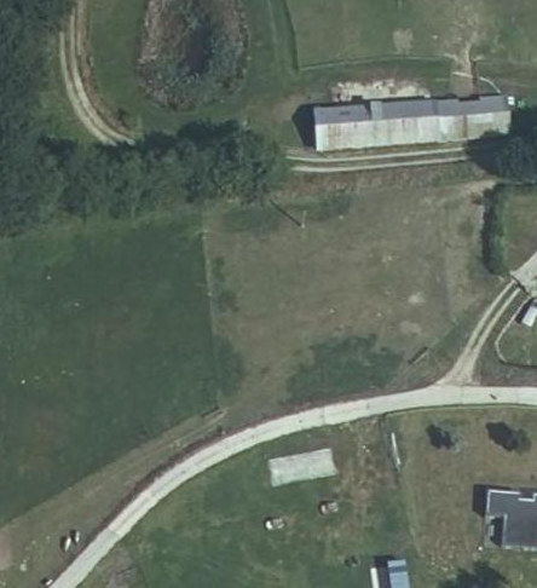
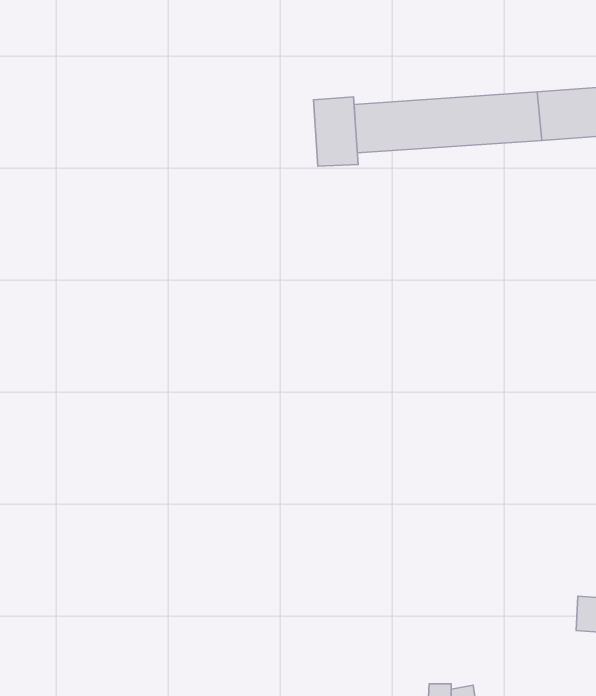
building: none -> [313,97,358,166]

